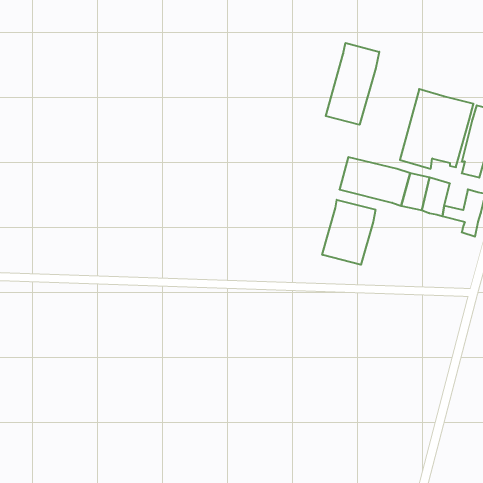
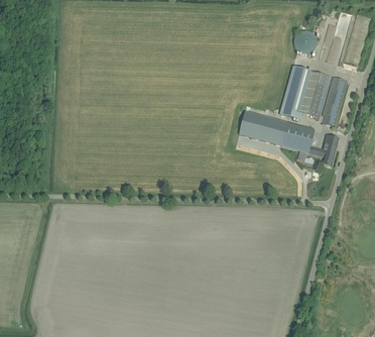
building: none -> [294,30,318,53]
building: [326,43,379,125] -> none
building: [322,200,375,265] -> none

